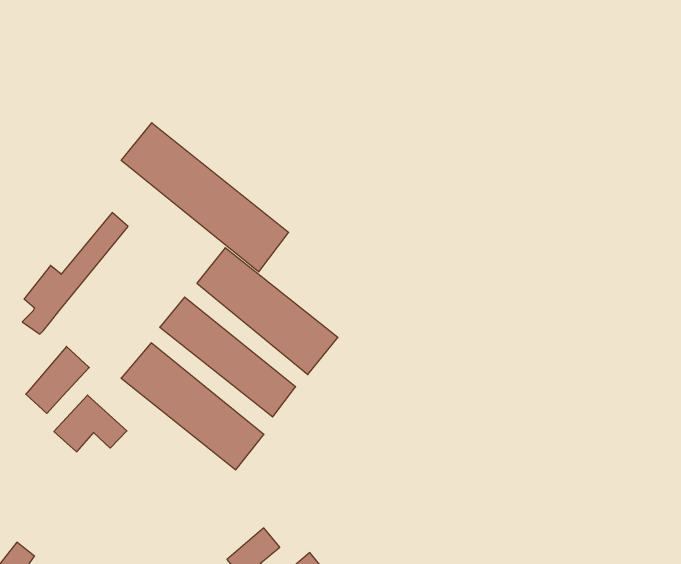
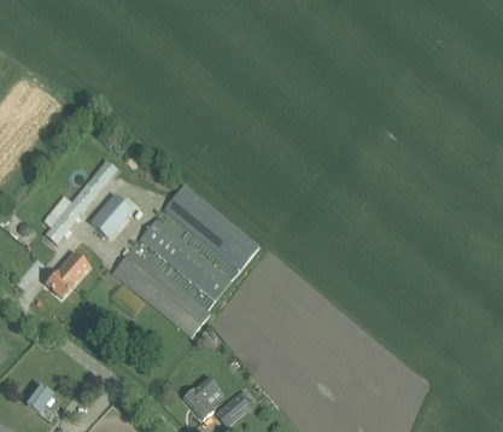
building: [121,123,289,272] -> none
building: none -> [89,195,130,238]
building: [54,395,127,452] -> none

